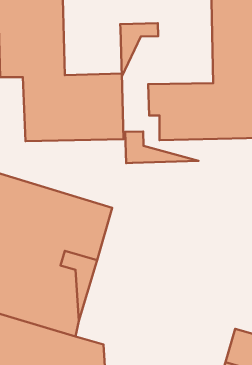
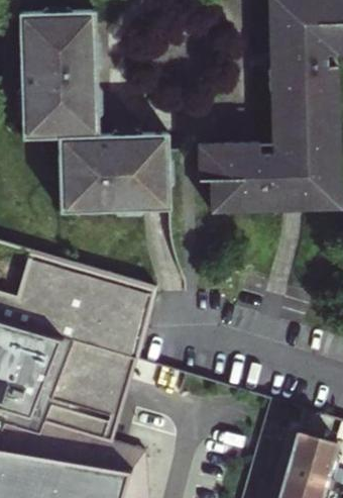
building: [120,23,158,76] -> none
building: [125,131,199,163] -> none

